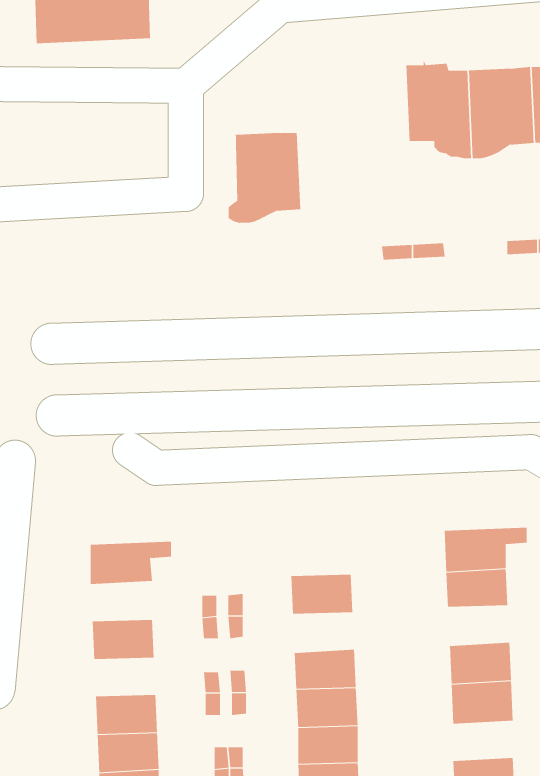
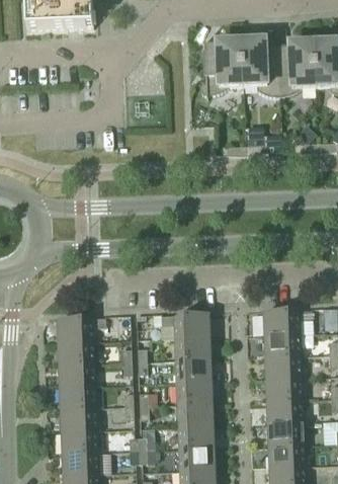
building: [228,129,301,230] -> [200,36,243,95]
building: none -> [161,311,209,335]
building: none -> [58,338,94,361]
building: none -> [265,352,302,376]
building: none -> [175,356,212,380]
building: none -> [60,383,96,405]
building: none -> [268,419,304,442]

